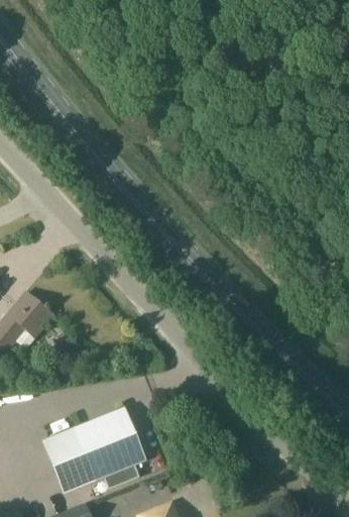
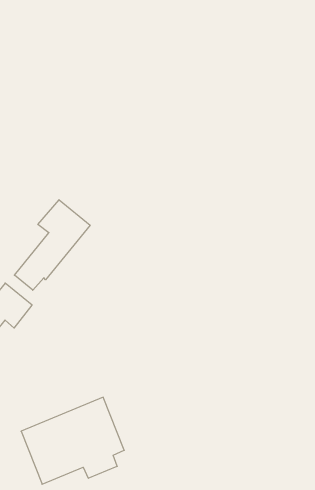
building: none -> [14,200,90,290]

